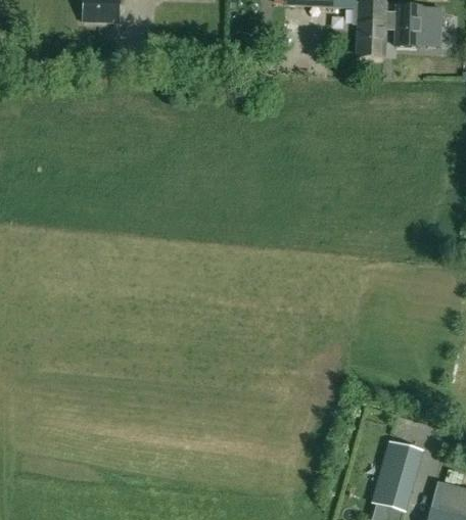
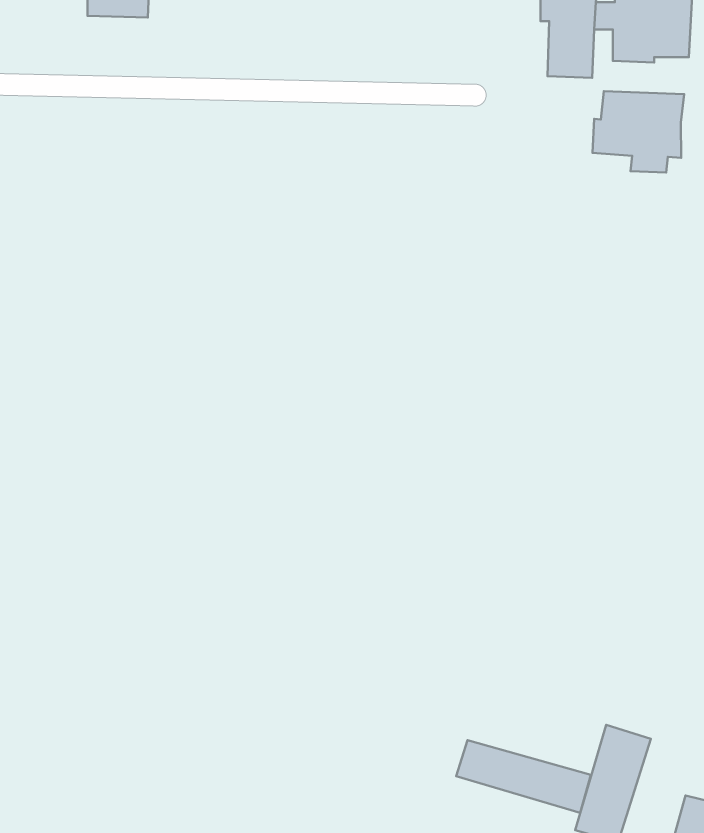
building: none -> [592,91,684,172]
building: none -> [456,740,591,813]

